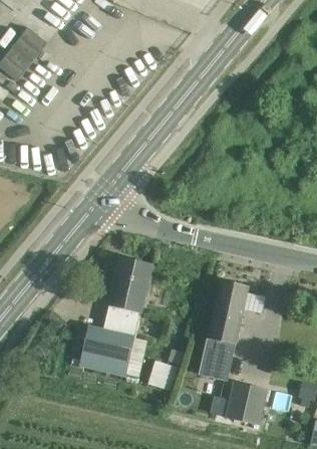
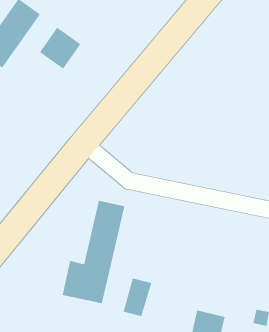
building: none -> [39,27,81,69]
building: [198,278,248,381] -> none

